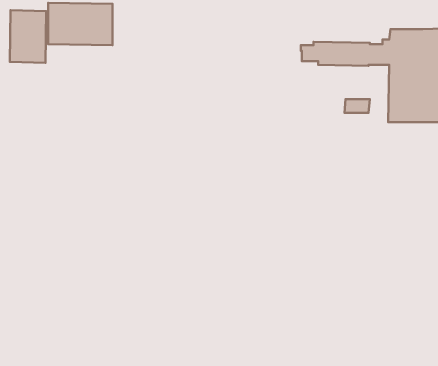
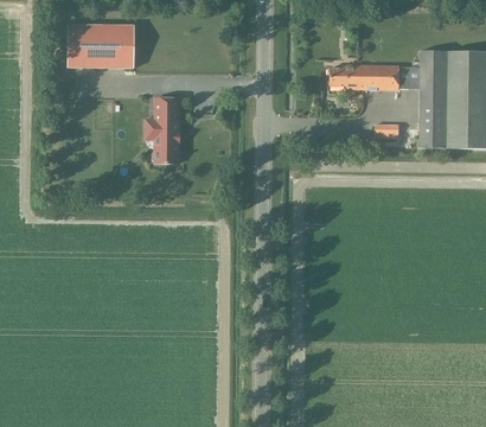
building: [10,10,46,63] -> none
building: none -> [152,97,179,162]

